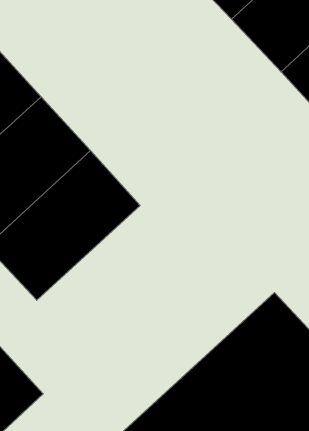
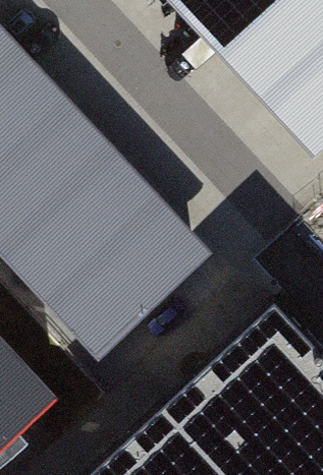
building: none -> [51,222,197,362]

